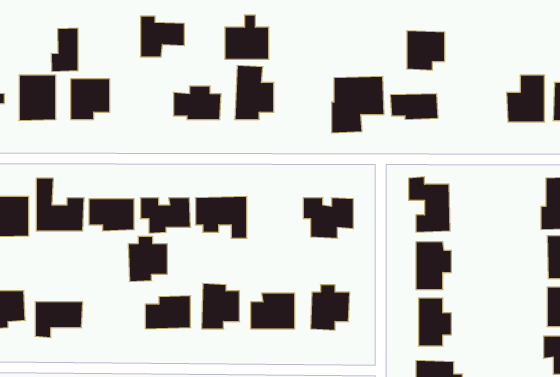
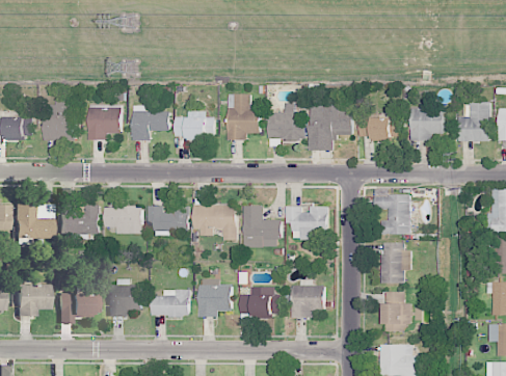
building: [225,15,269,59] -> [268,102,305,139]
building: [140,16,184,57] -> [132,106,169,140]
building: [51,28,78,72] -> none
building: [407,31,445,70] -> [410,108,443,141]
building: none -> [243,206,279,247]
building: [128,236,167,282] -> [107,278,140,317]

